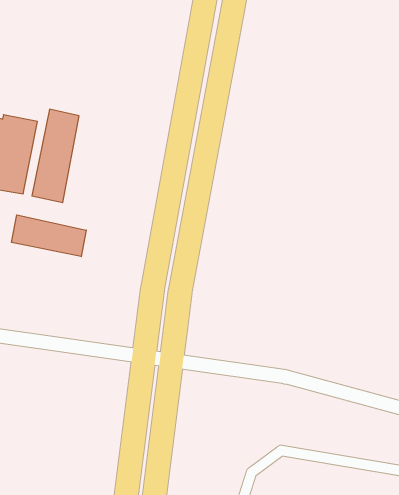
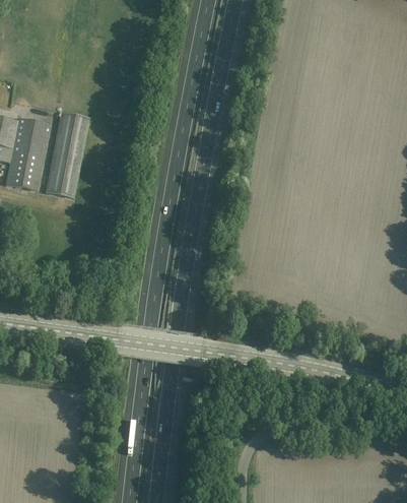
building: [11,215,86,257] -> none

